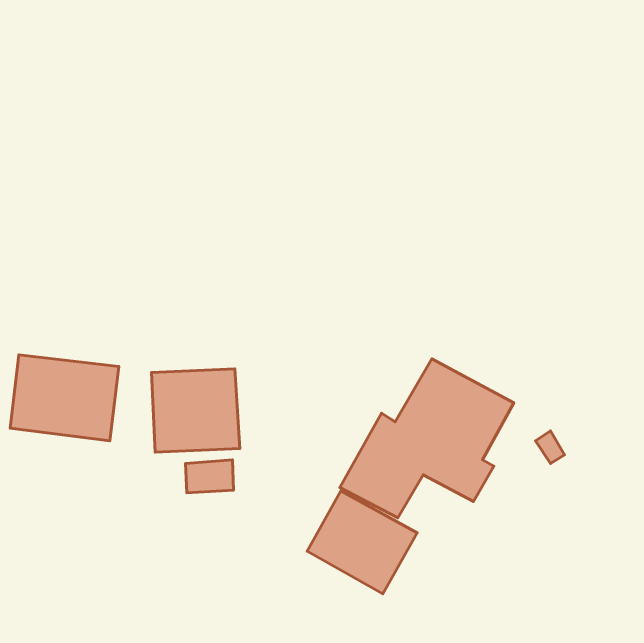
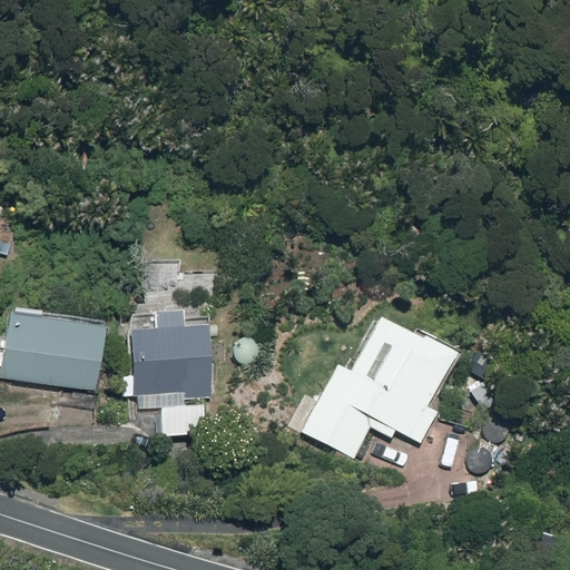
building: [307,491,417,594] -> none

